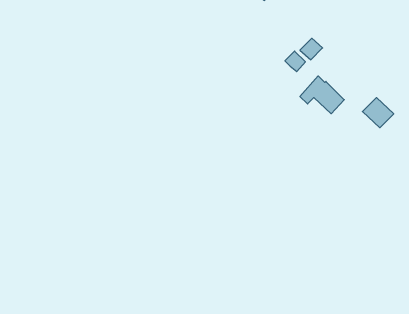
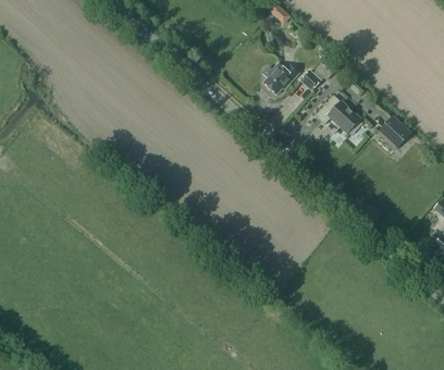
building: none -> [262,65,298,97]

